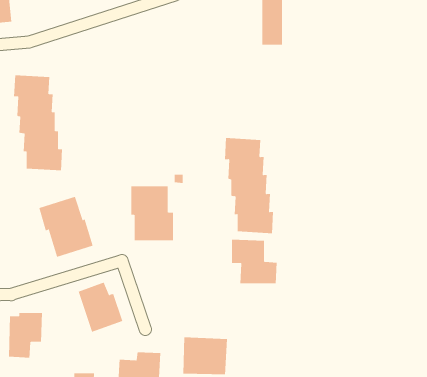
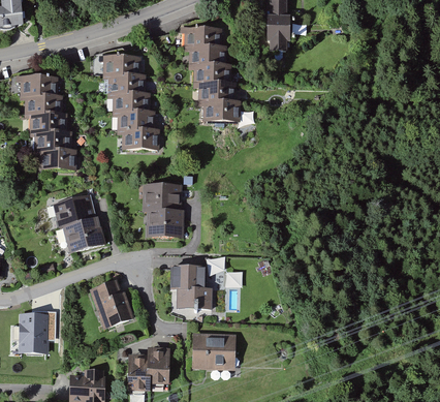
building: none -> [108,57,157,150]
building: [224,138,274,234] -> [189,28,238,122]
building: [231,239,278,284] -> [167,264,213,307]

